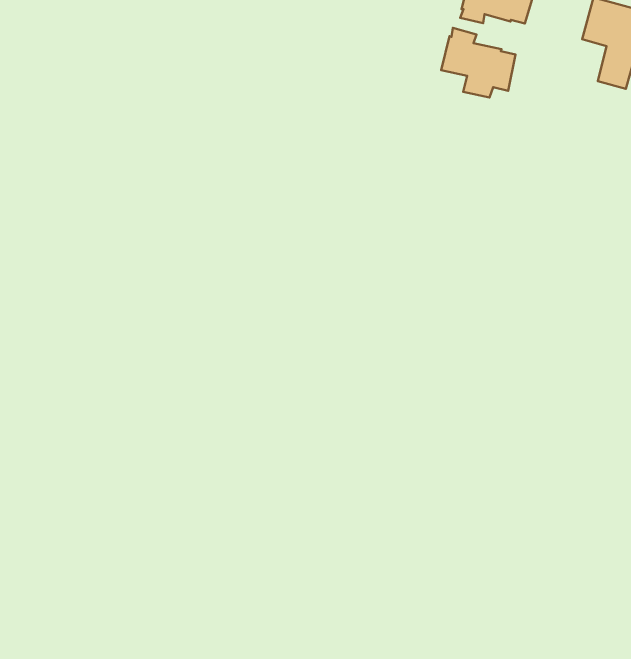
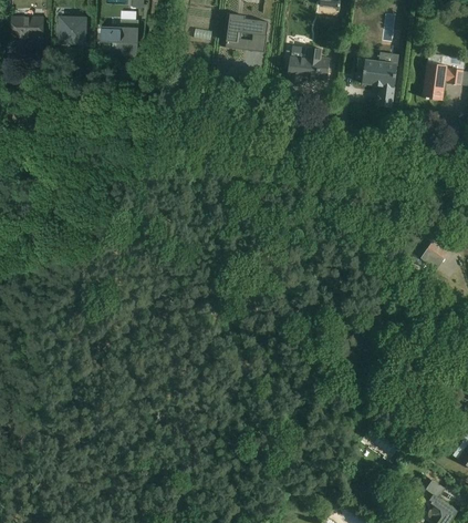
building: [441,28,516,97] -> none

